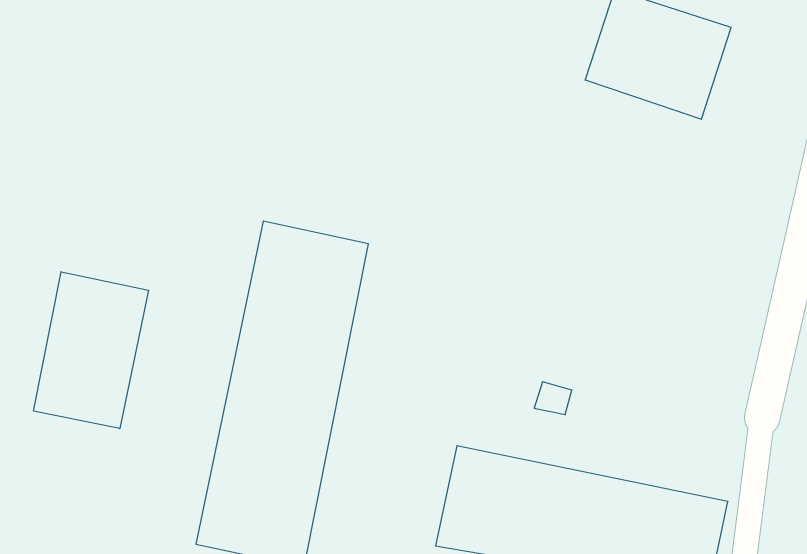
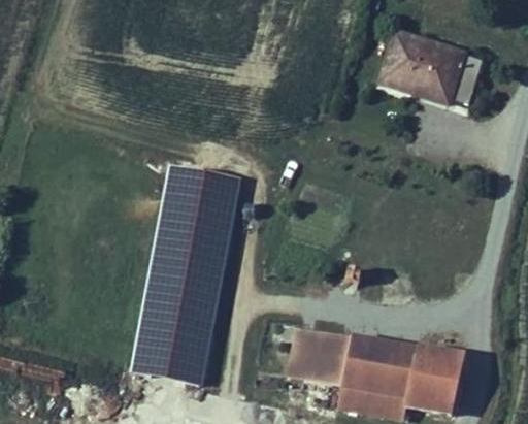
building: [34,272,149,429] -> none

